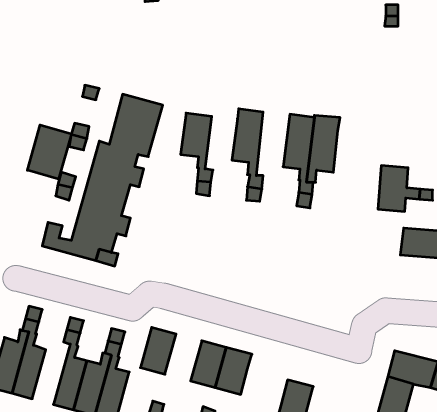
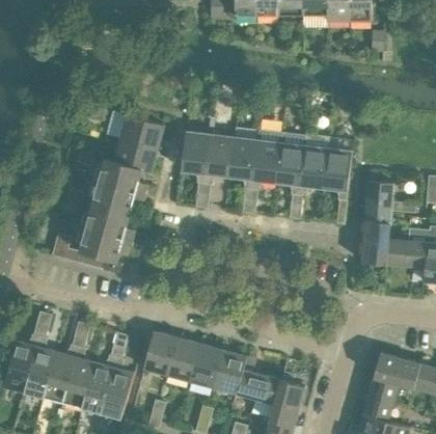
building: none -> [251,131,282,190]
building: none -> [203,135,234,185]
building: [27,125,71,179] -> none
building: none -> [323,148,352,225]
building: none -> [361,221,389,264]
building: none -> [166,337,200,381]
building: none -> [43,345,78,403]
building: none -> [237,370,280,404]

